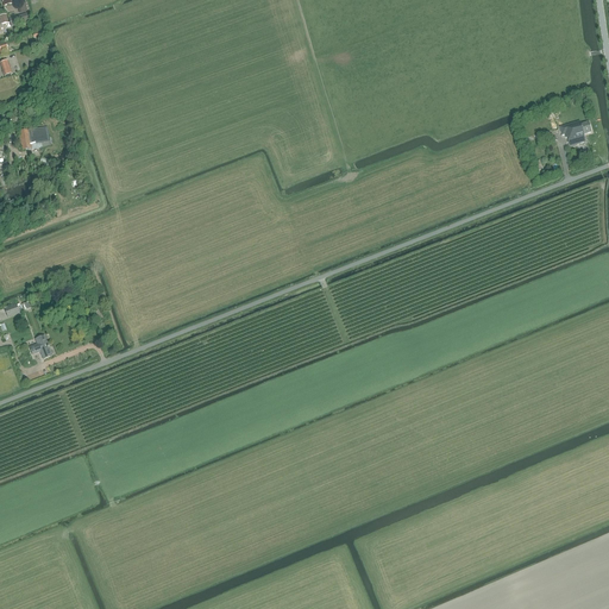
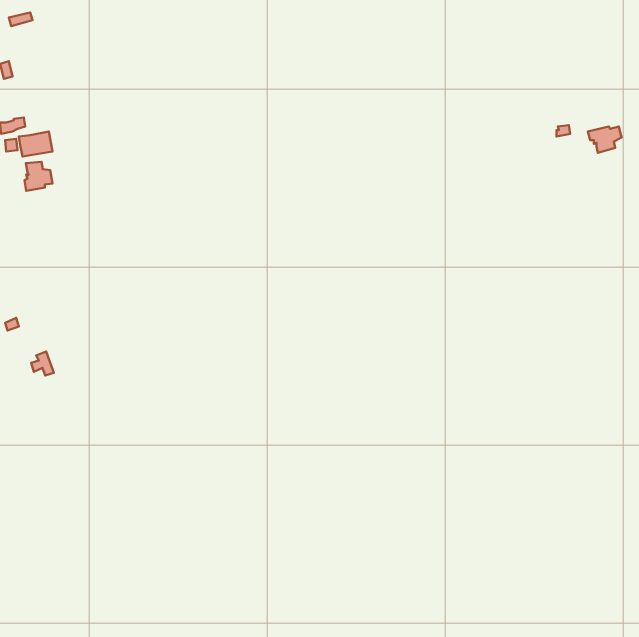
building: none -> [25,162,53,191]

